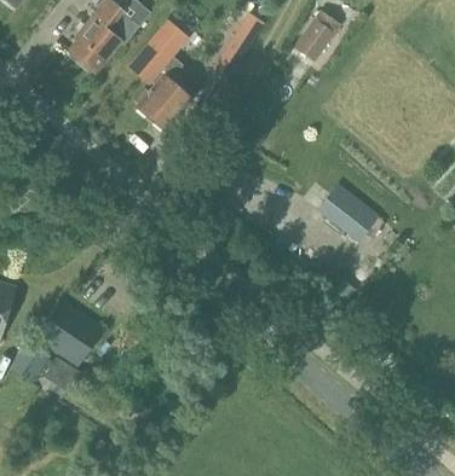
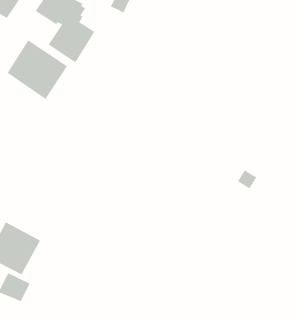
building: none -> [7,40,68,100]
building: [318,185,378,239] -> none

